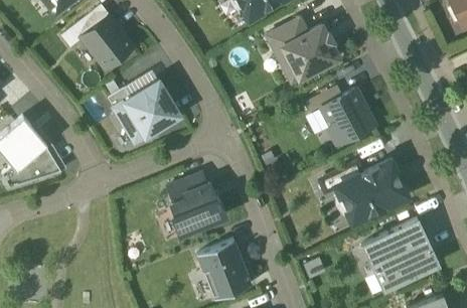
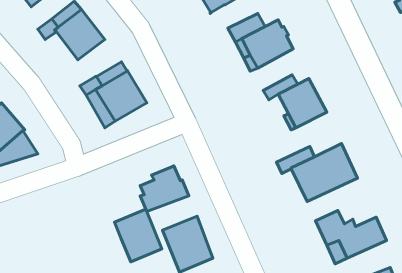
building: [168,175,206,205] -> none
building: [385,219,427,251] -> none
building: none -> [115,209,162,262]

